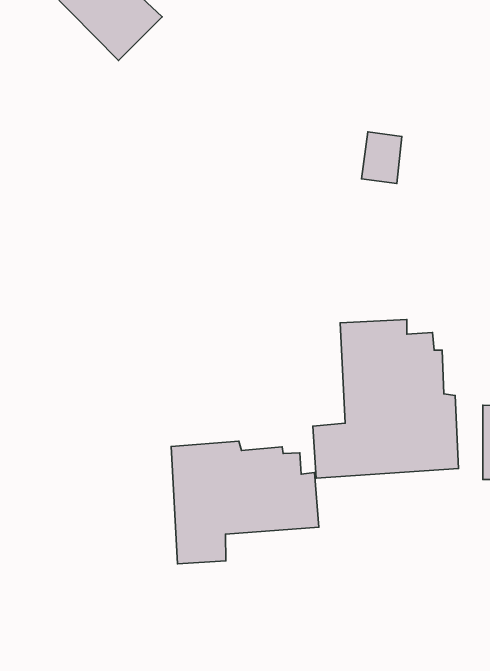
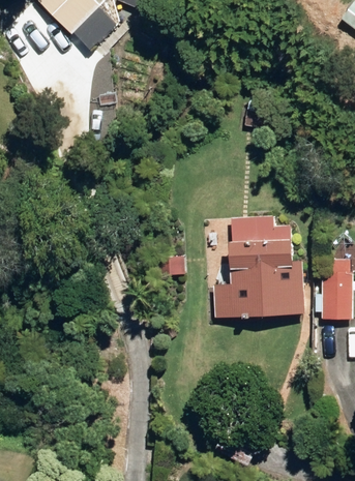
building: [171,441,319,564] -> none

